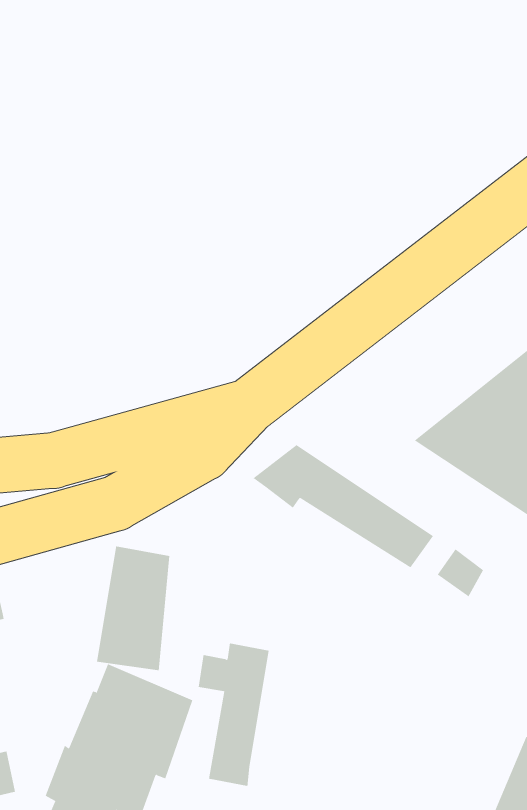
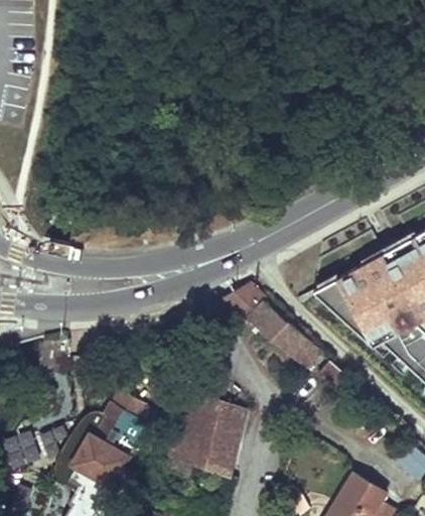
building: [96,546,170,671] -> [191,399,244,475]

